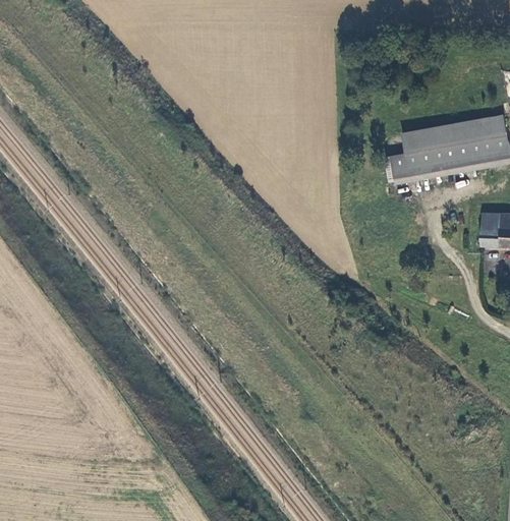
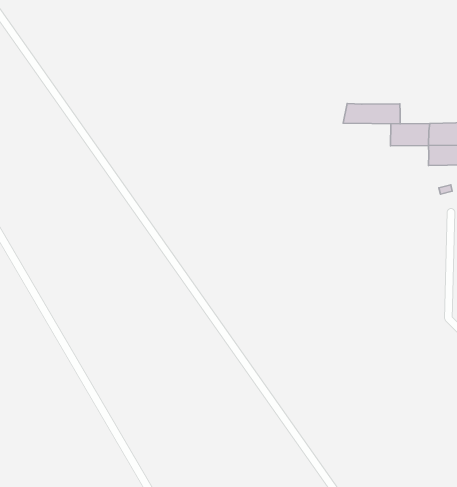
building: [389,148,444,172] -> [343,104,400,124]

